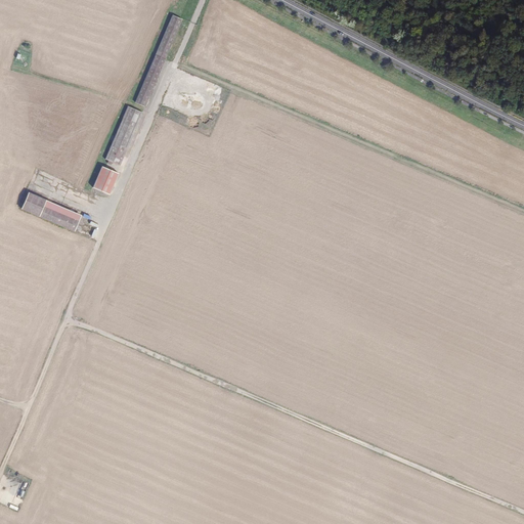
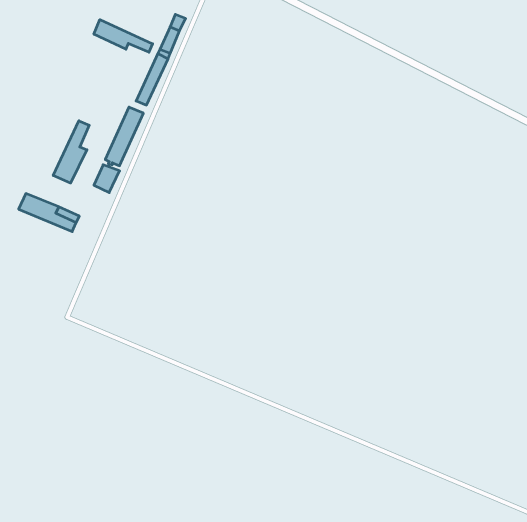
building: none -> [94,20,153,52]
building: none -> [53,121,89,183]

